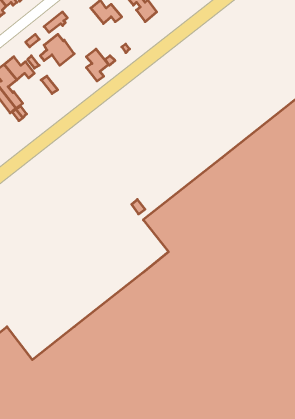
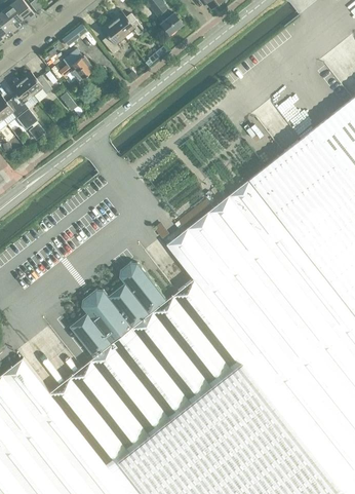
building: [86,49,109,81] -> [102,21,125,54]
building: none -> [70,262,167,357]

